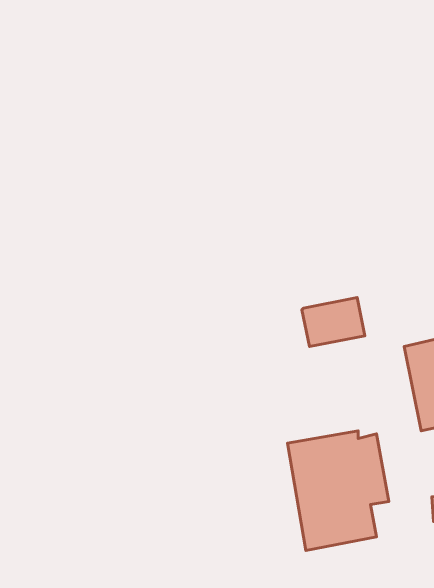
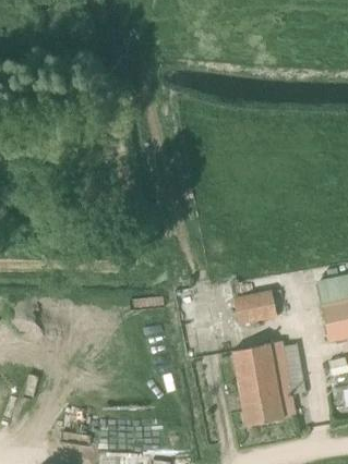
building: [302,298,365,347] -> [232,291,277,326]

